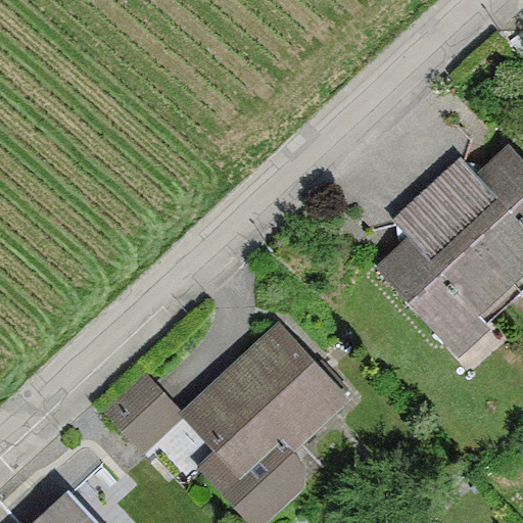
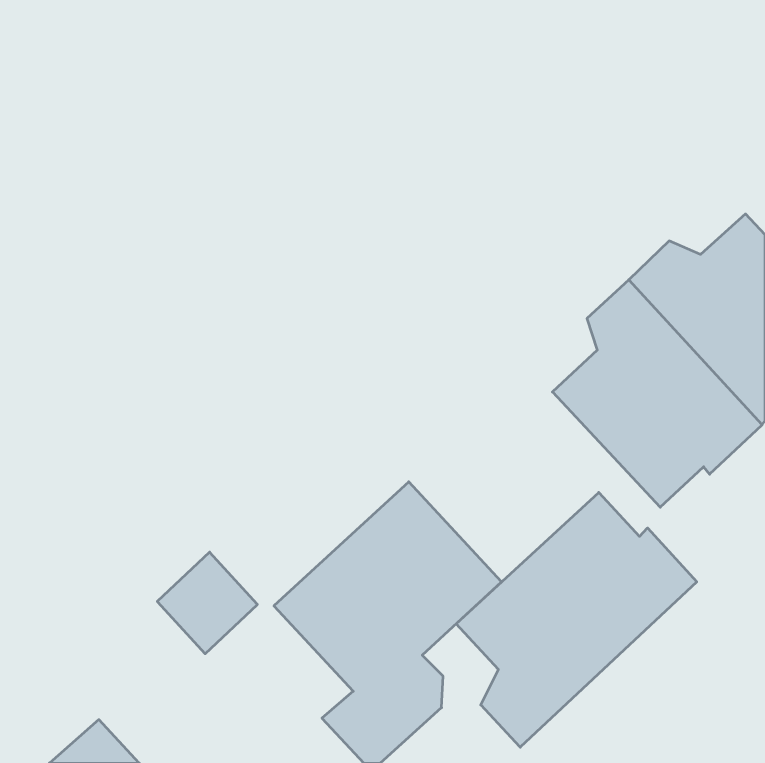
building: none -> [456,492,697,747]

